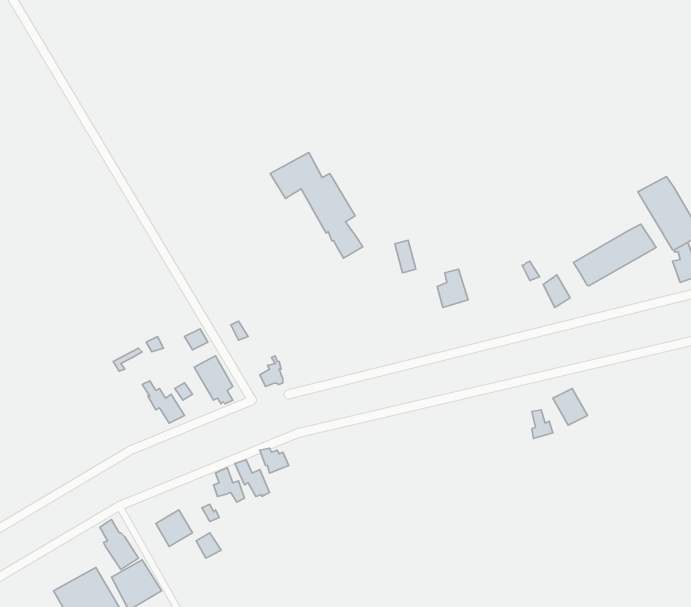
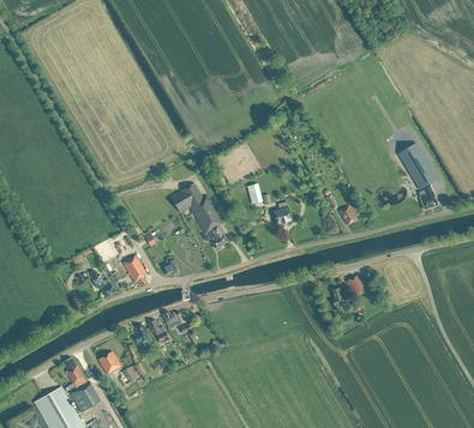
building: [270,152,363,258] -> [170,183,228,249]
building: [574,224,656,286] -> none

